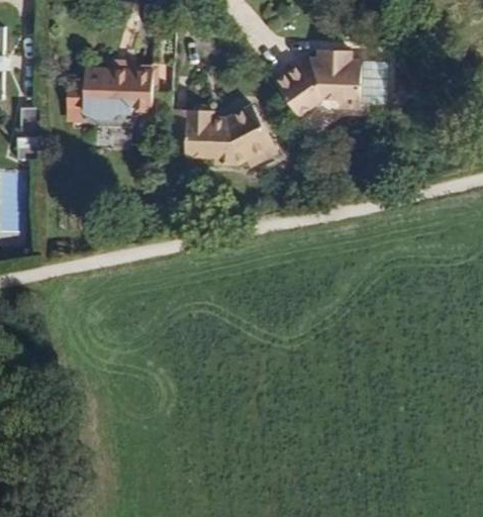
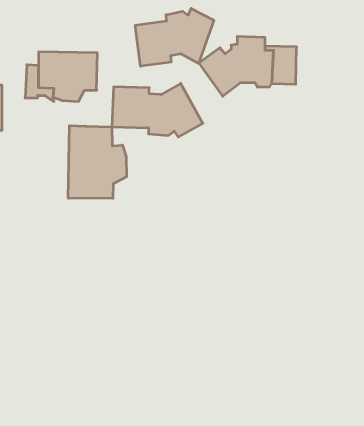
building: none -> [135,8,214,66]
building: none -> [68,126,127,198]

